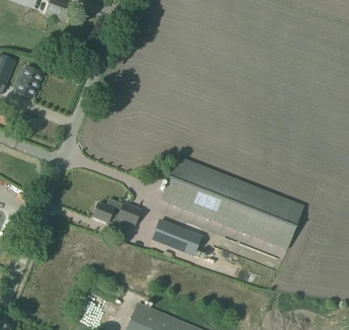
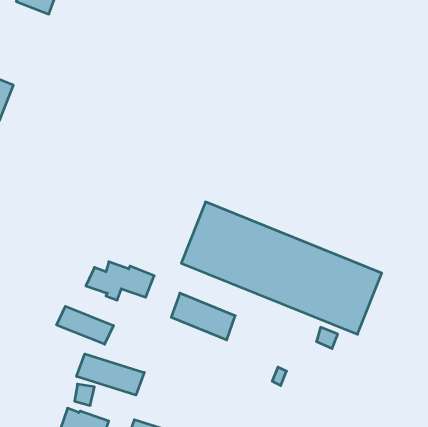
building: none -> [57,306,113,344]
building: none -> [77,354,144,395]

